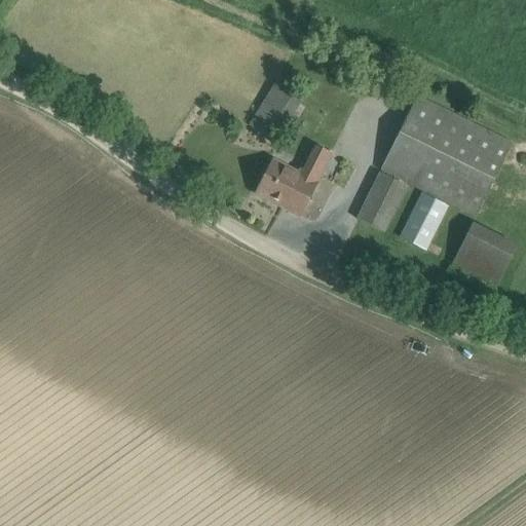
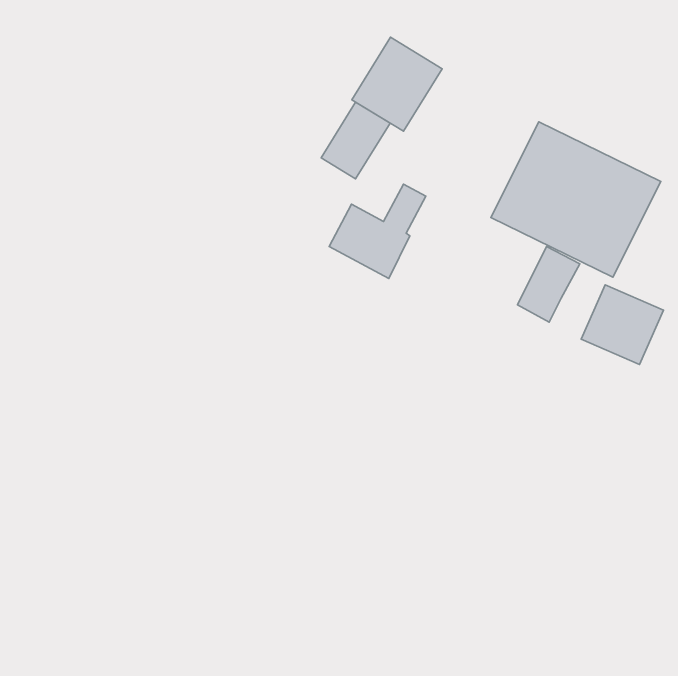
building: none -> [352,37,442,131]
building: [358,172,407,231] -> none

